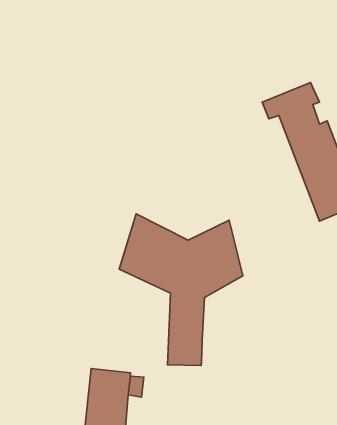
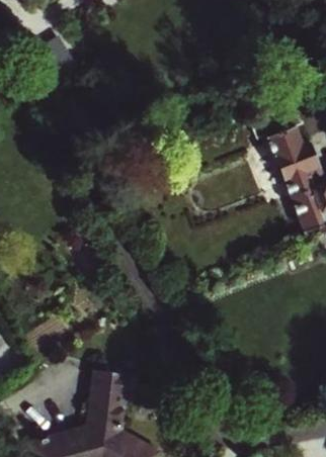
building: [119,214,243,365] -> none

